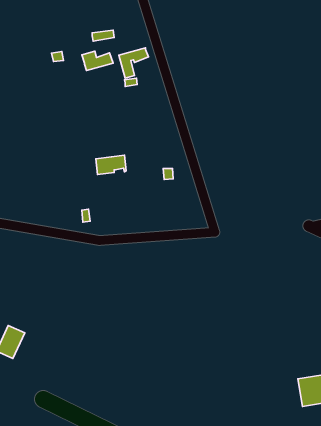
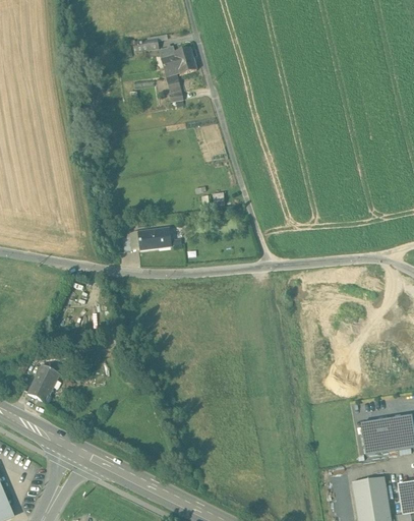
building: [82,51,113,71] -> [159,45,193,66]
building: [96,155,126,174] -> [138,227,172,248]

